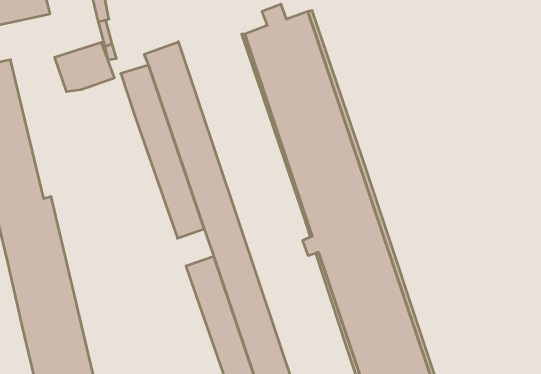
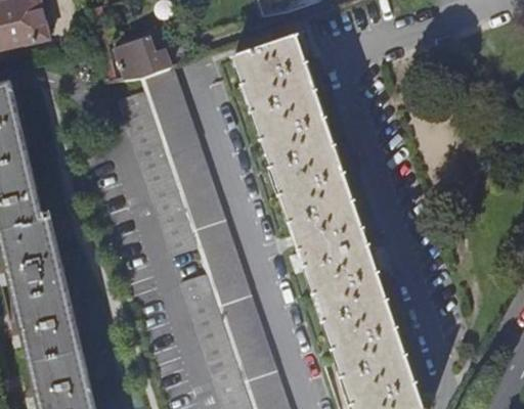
building: [55,42,114,92] -> [114,32,171,79]

